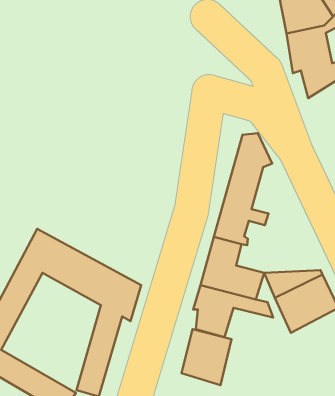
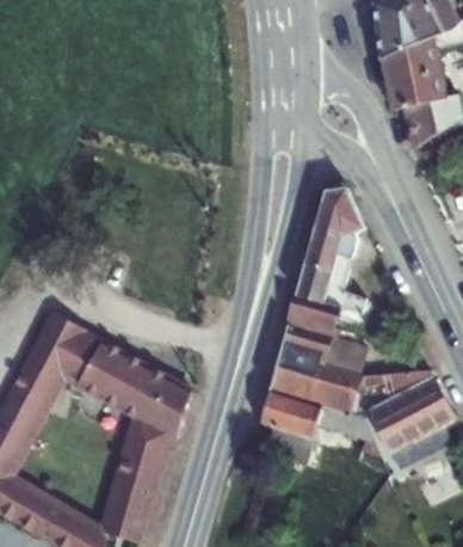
building: none -> [317,336,363,374]
building: [181,329,232,385] -> none

